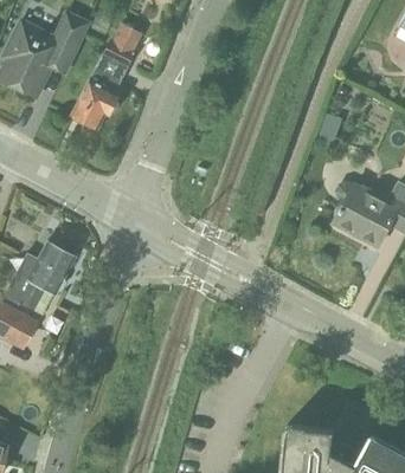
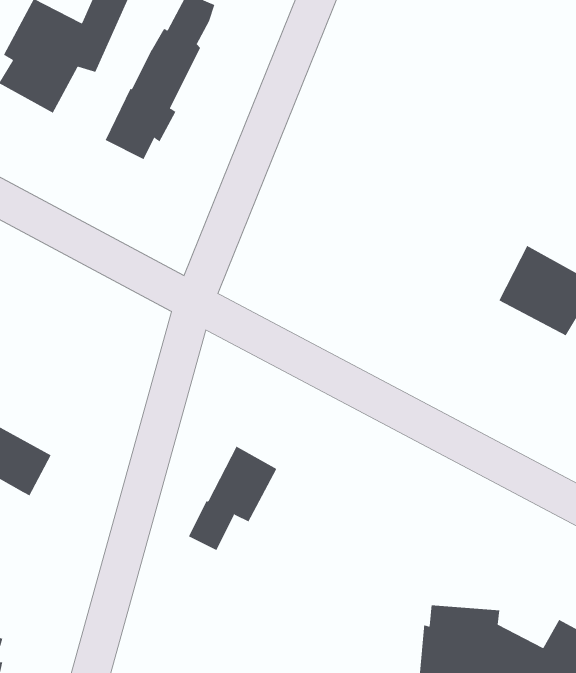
building: [14,241,73,311] -> [188,446,277,551]

